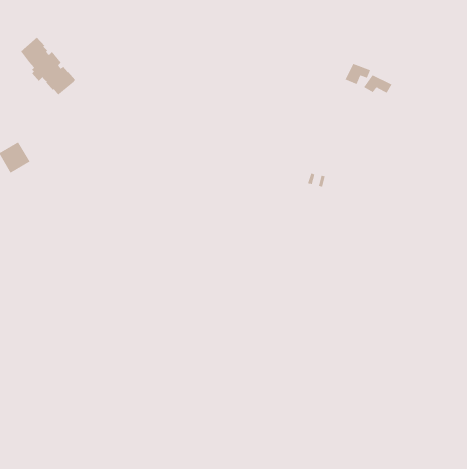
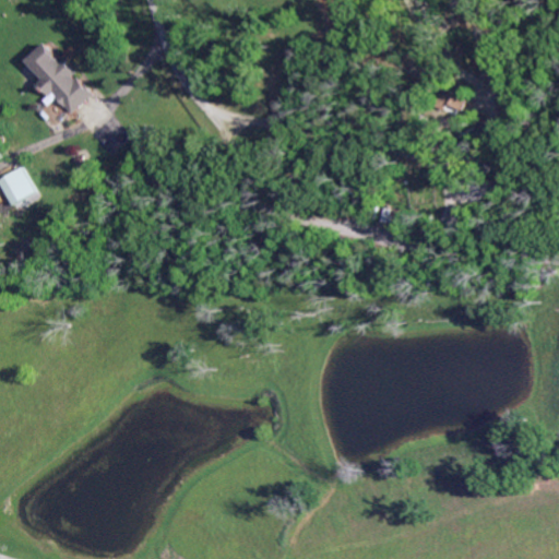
building: [345,63,371,85] -> none

